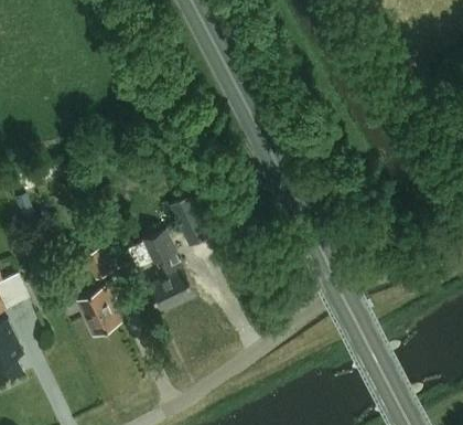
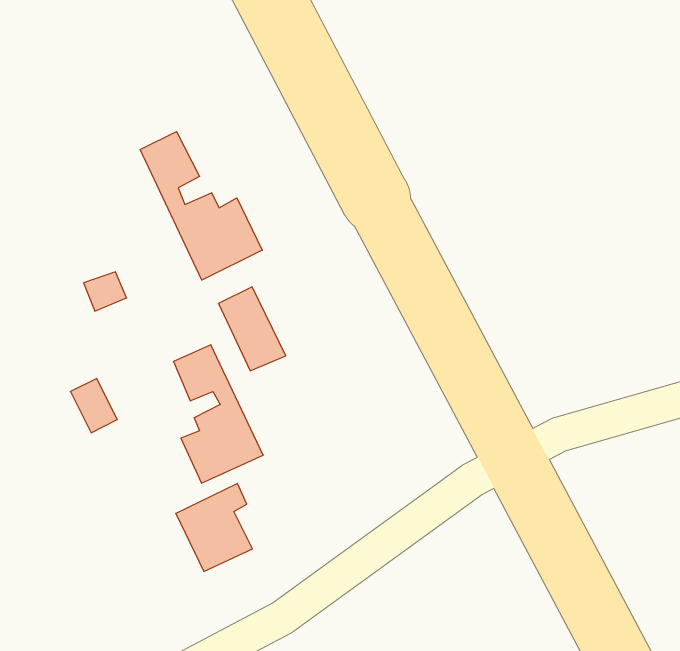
building: none -> [140,132,262,280]
building: [76,284,121,336] -> [176,483,252,571]

